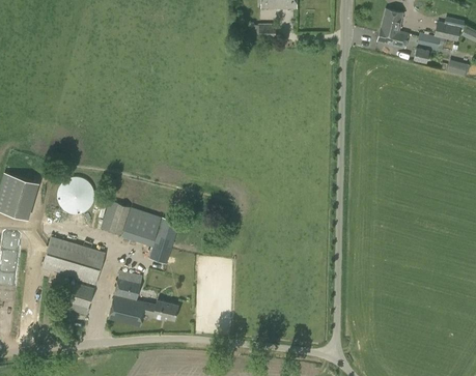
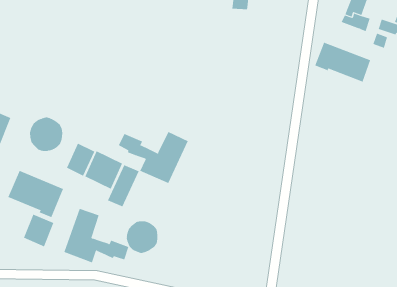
building: none -> [315,42,371,83]
building: none -> [118,131,188,184]
building: none -> [126,220,158,254]

